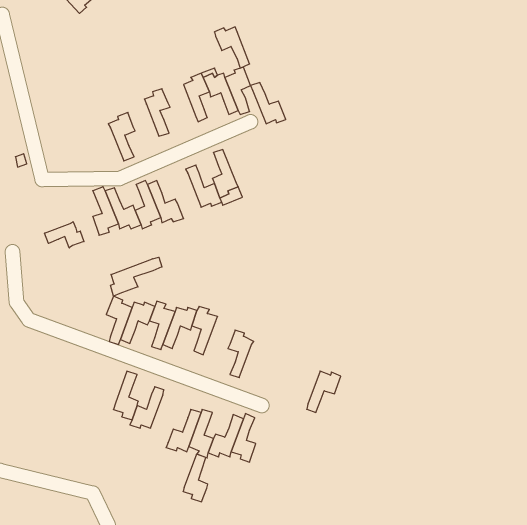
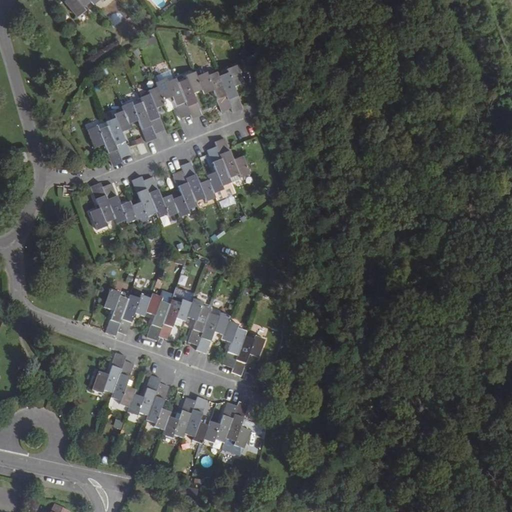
building: [214,27,250,68] -> [156,77,190,117]
building: [251,83,286,124] -> [214,137,248,177]
building: none -> [122,101,156,141]
building: none -> [87,124,122,164]
building: none -> [172,168,196,216]
building: [45,222,84,248] -> none
building: [110,257,162,296] -> none
building: none -> [196,312,230,351]
building: none -> [94,352,125,391]
building: [307,371,341,412] -> [231,334,264,374]
building: [183,454,208,502] -> [145,383,169,429]

